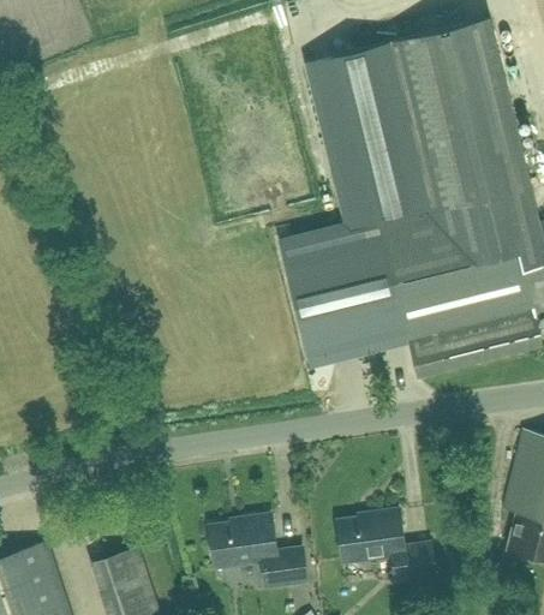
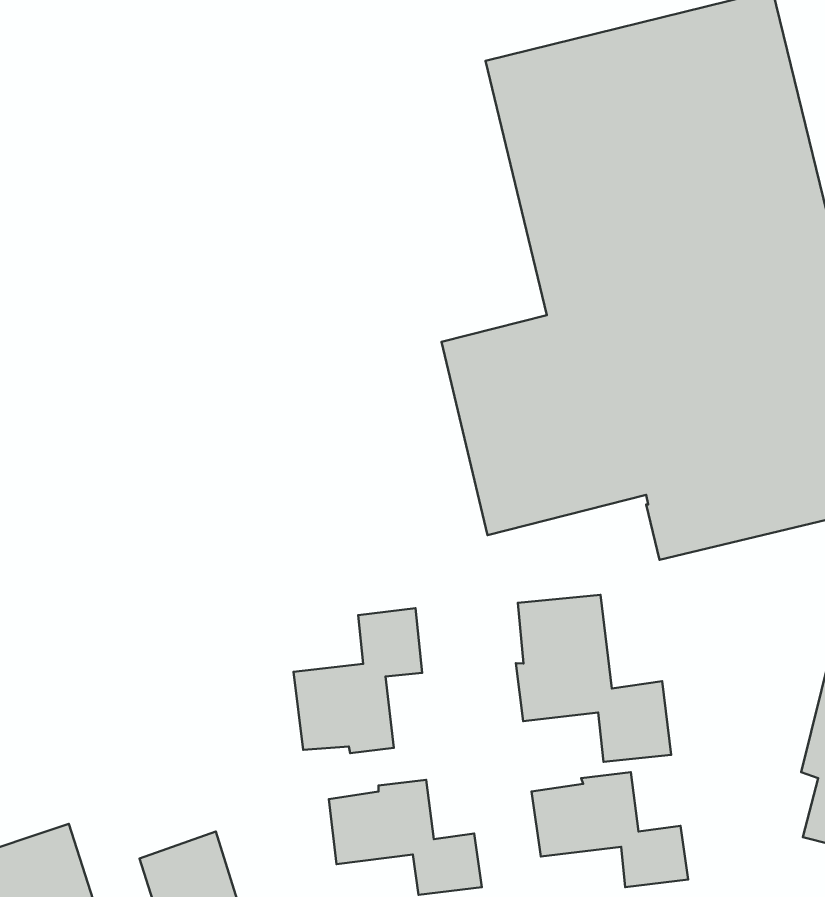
building: none -> [516,595,671,762]
building: none -> [294,608,422,753]

